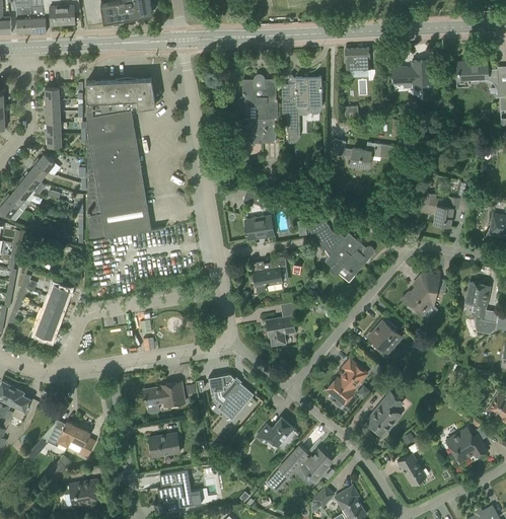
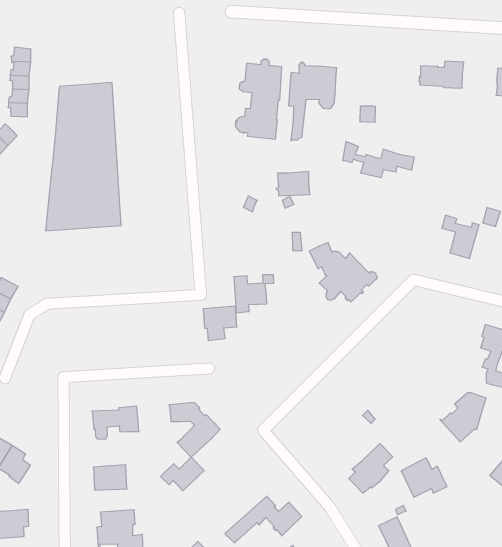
building: [345,48,370,70] -> none
building: [86,78,155,118] -> none
building: [244,216,274,239] -> [276,172,310,196]
building: [402,274,439,316] -> [440,393,486,442]
building: [265,315,295,347] -> [203,306,237,340]
building: [368,320,402,354] -> none
building: [327,359,366,404] -> none
building: [257,418,293,447] -> [160,457,204,491]
building: [446,428,487,462] -> [401,458,447,497]

